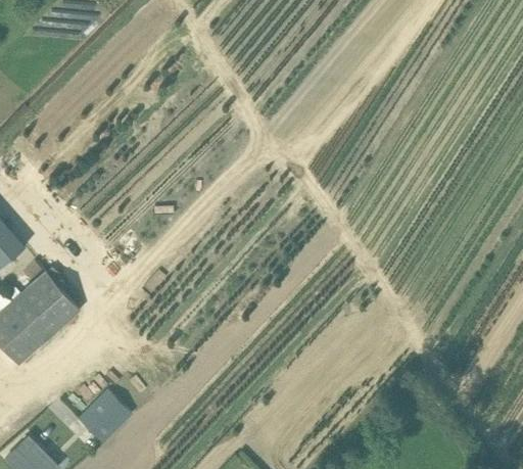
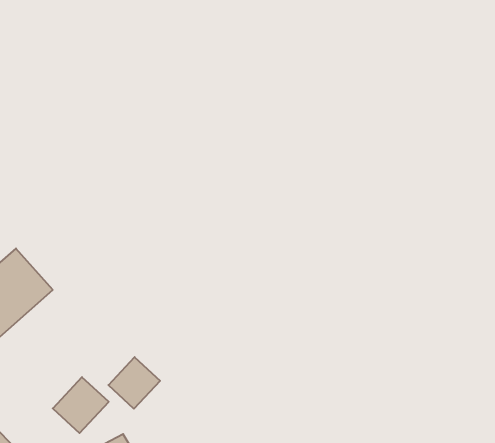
building: none -> [108,357,160,409]

